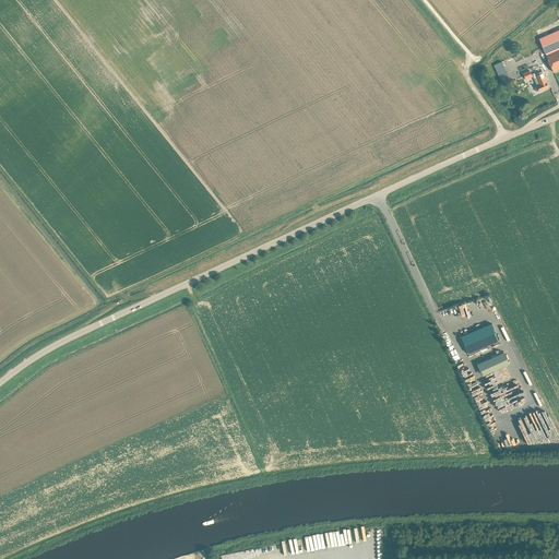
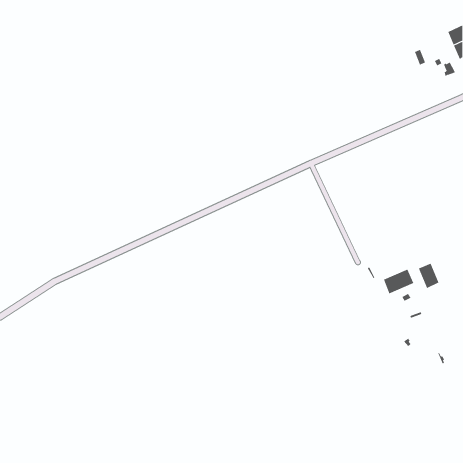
building: none -> [418,263,439,289]

